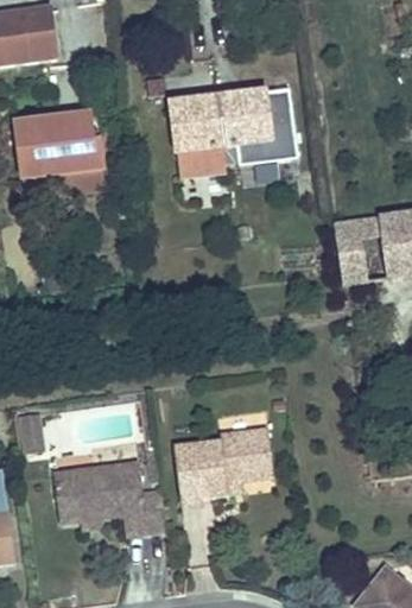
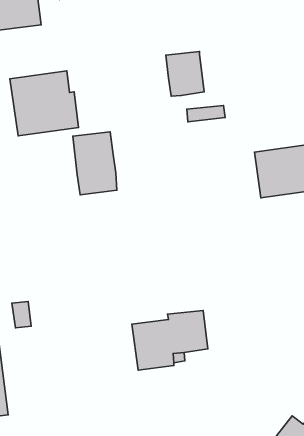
building: [237,90,294,163] -> none
building: [169,95,226,177] -> [73,132,117,195]
building: [53,457,165,533] -> none

